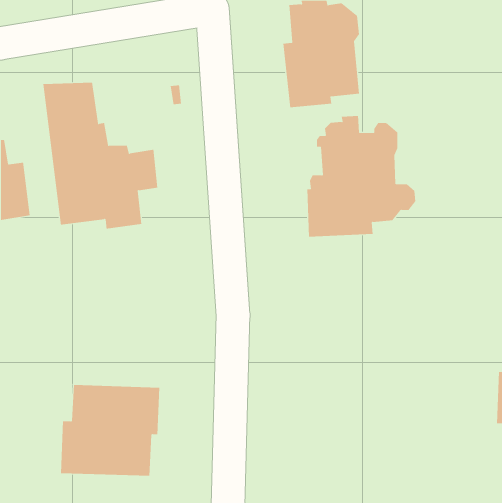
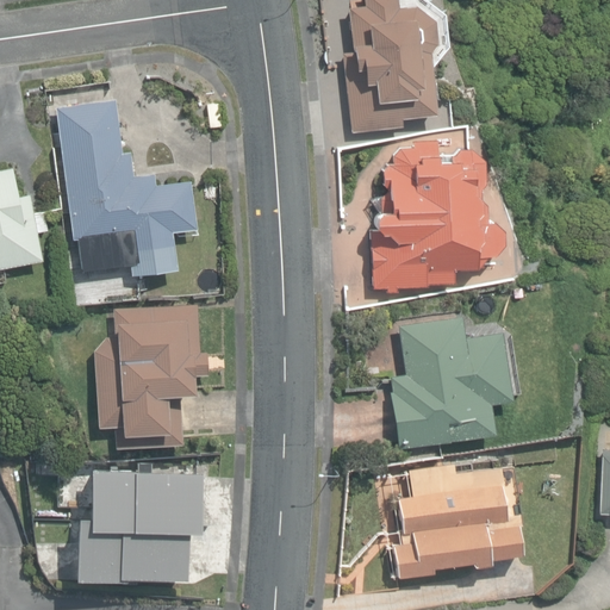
building: none -> [97,305,210,448]
building: none -> [392,316,515,449]
building: none -> [394,463,523,577]

